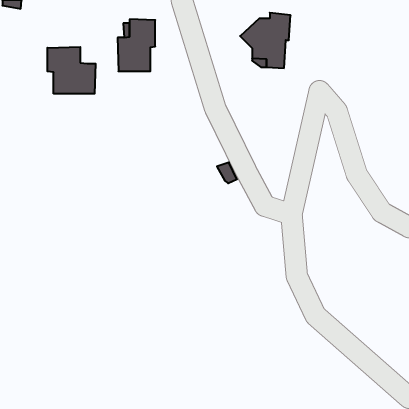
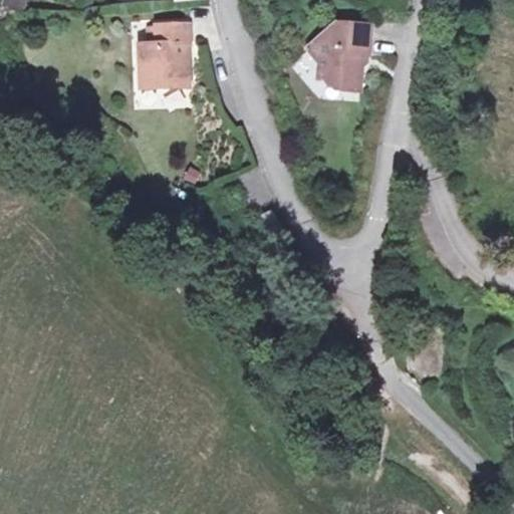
building: [47,47,96,94] -> none

